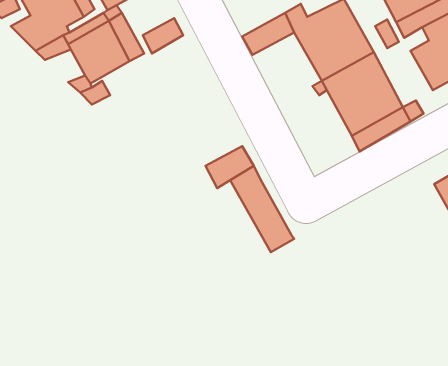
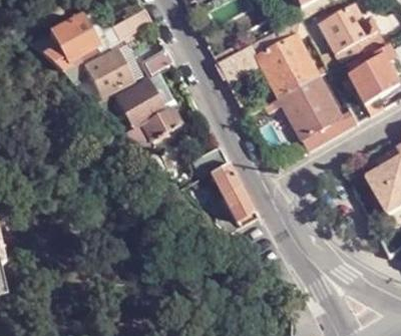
building: none -> [113,79,180,172]

